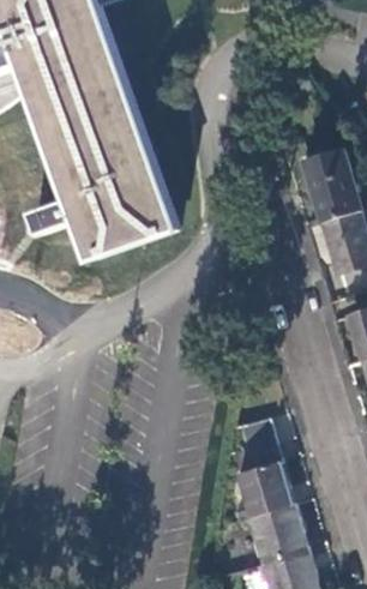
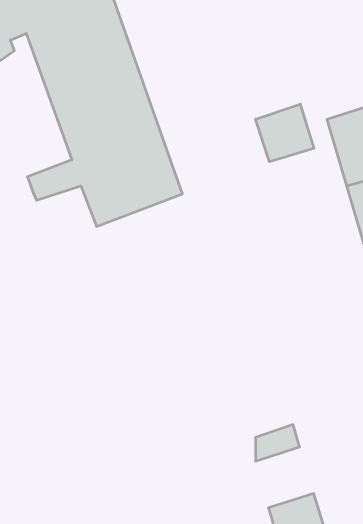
building: none -> [256,104,314,162]
building: [237,462,291,518] -> none

